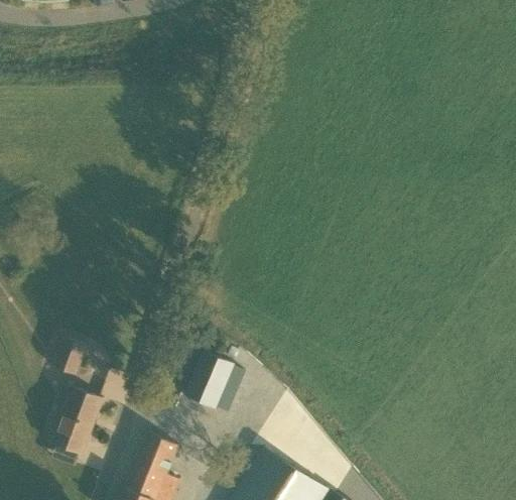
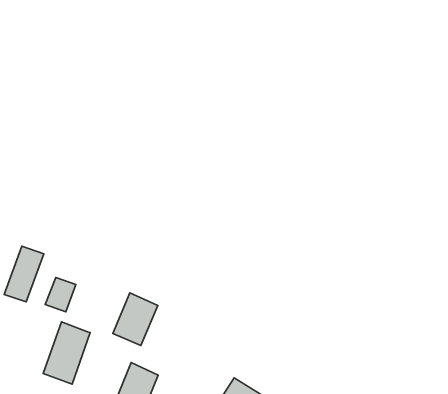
building: none -> [4,246,44,302]
building: [184,354,235,412] -> [113,293,158,345]

